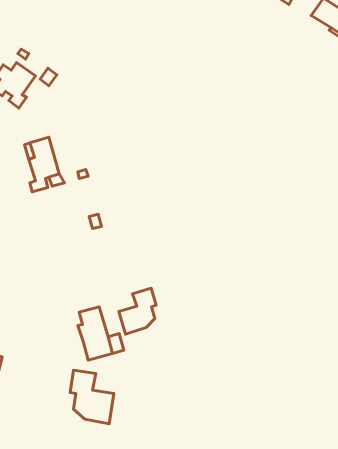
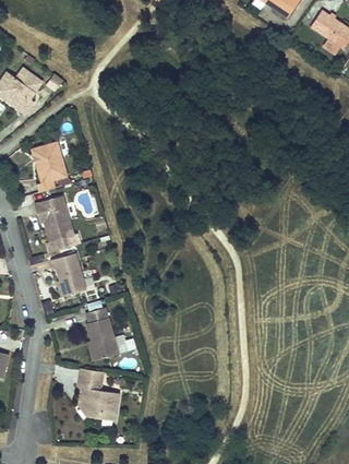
building: none -> [34,195,79,252]
building: none -> [50,250,86,295]
building: [119,288,156,334] -> none

